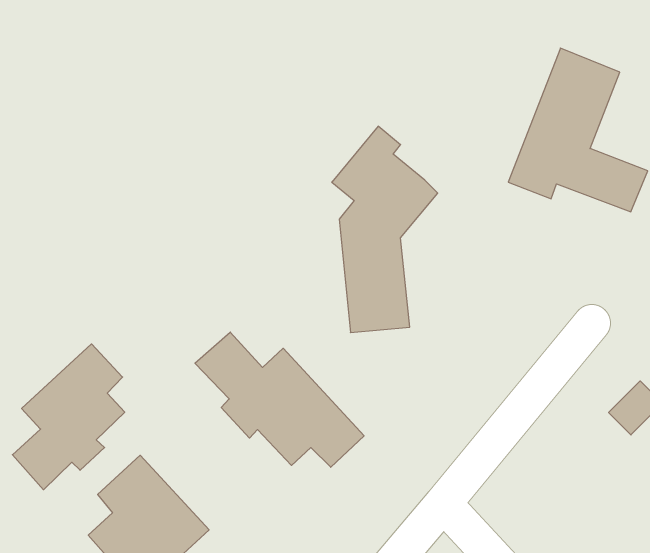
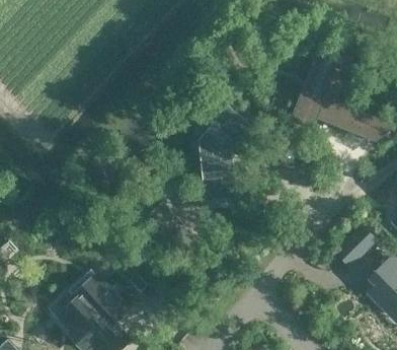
building: [195,332,364,467] -> none
building: [12,344,125,490] -> none

